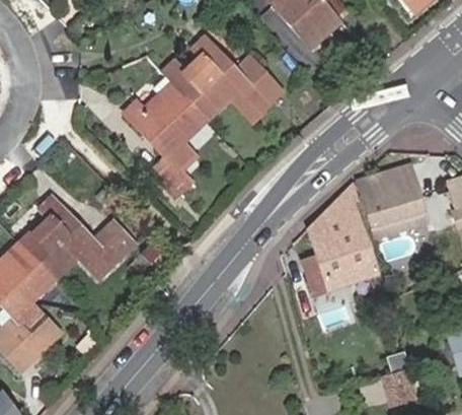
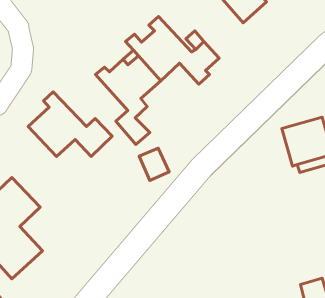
building: [303,184,377,294] -> none
building: [20,197,126,278] -> [28,92,112,156]
building: none -> [139,148,169,180]

